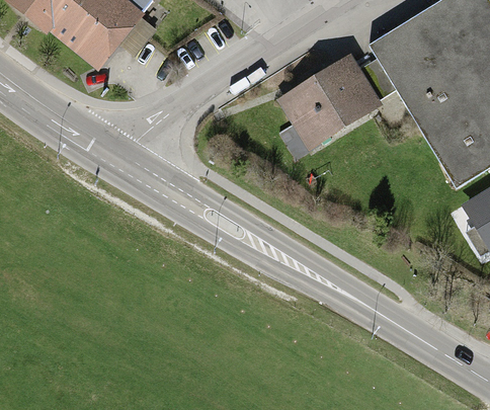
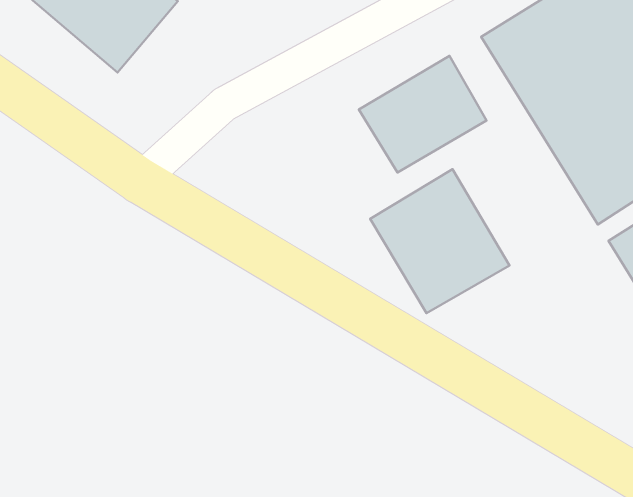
building: none -> [370,169,509,313]

